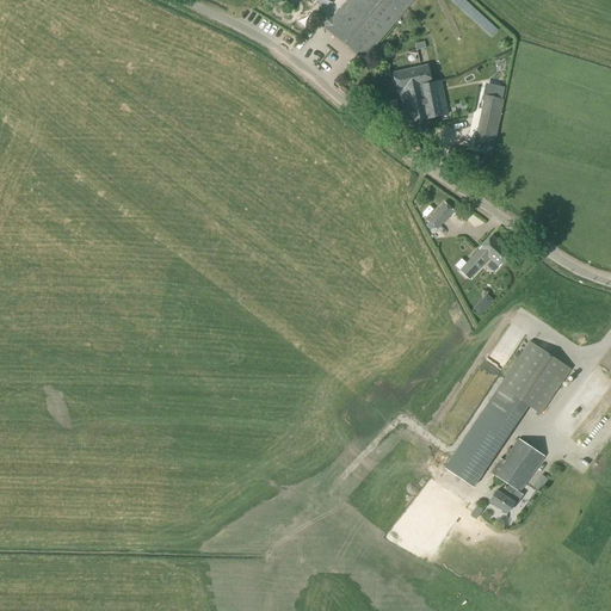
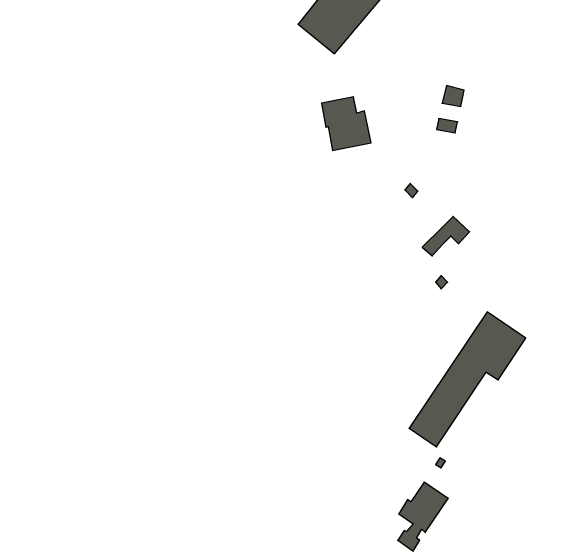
building: [393,63,446,122] -> [322,97,371,151]
building: [489,437,544,512] -> [398,482,448,551]

